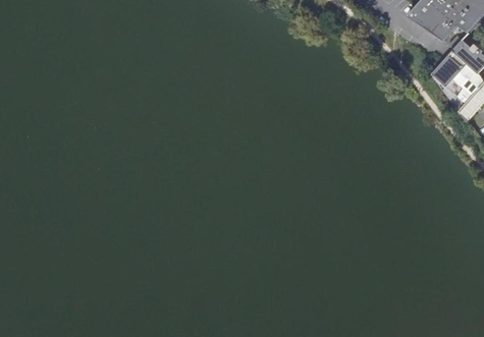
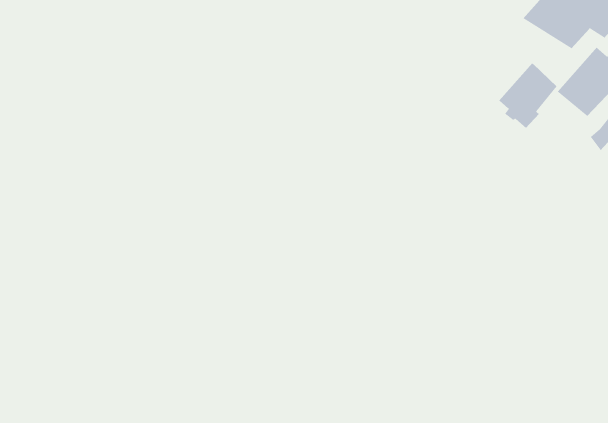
building: none -> [499,63,558,129]

